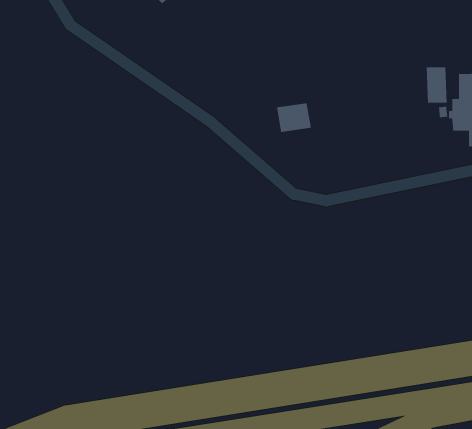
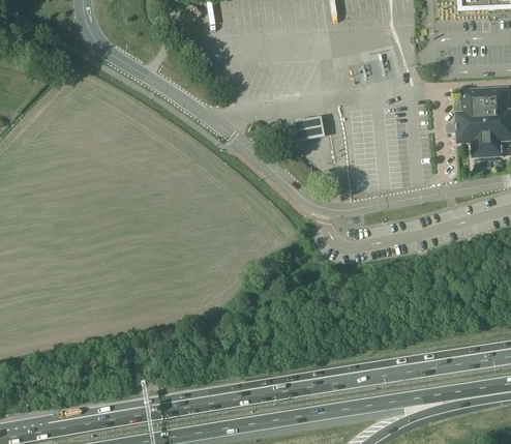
building: [426,67,447,103] -> none

